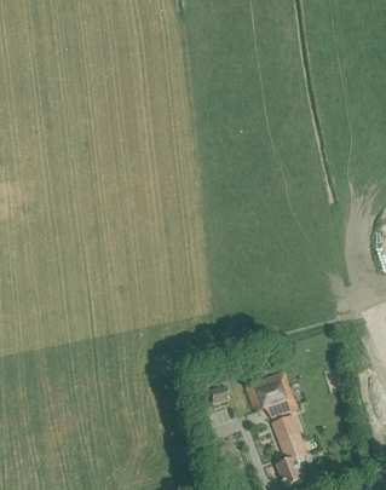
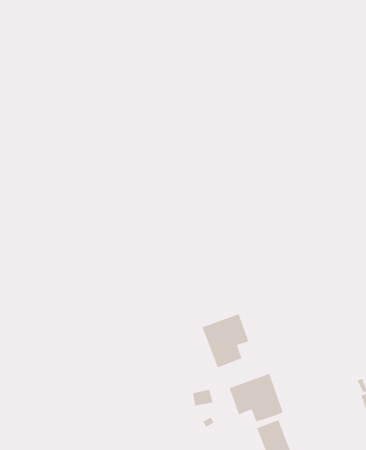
building: none -> [201,313,250,368]

